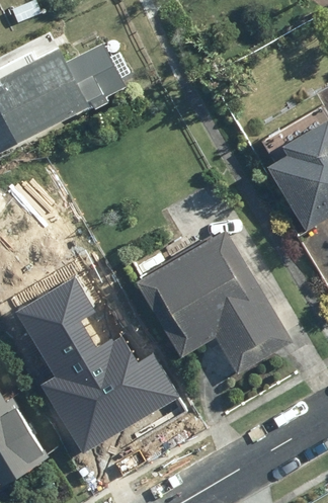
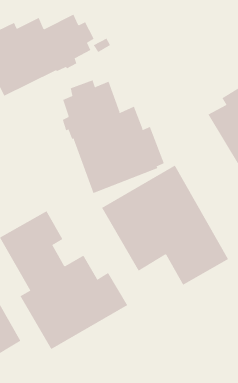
building: none -> [62,80,165,194]

